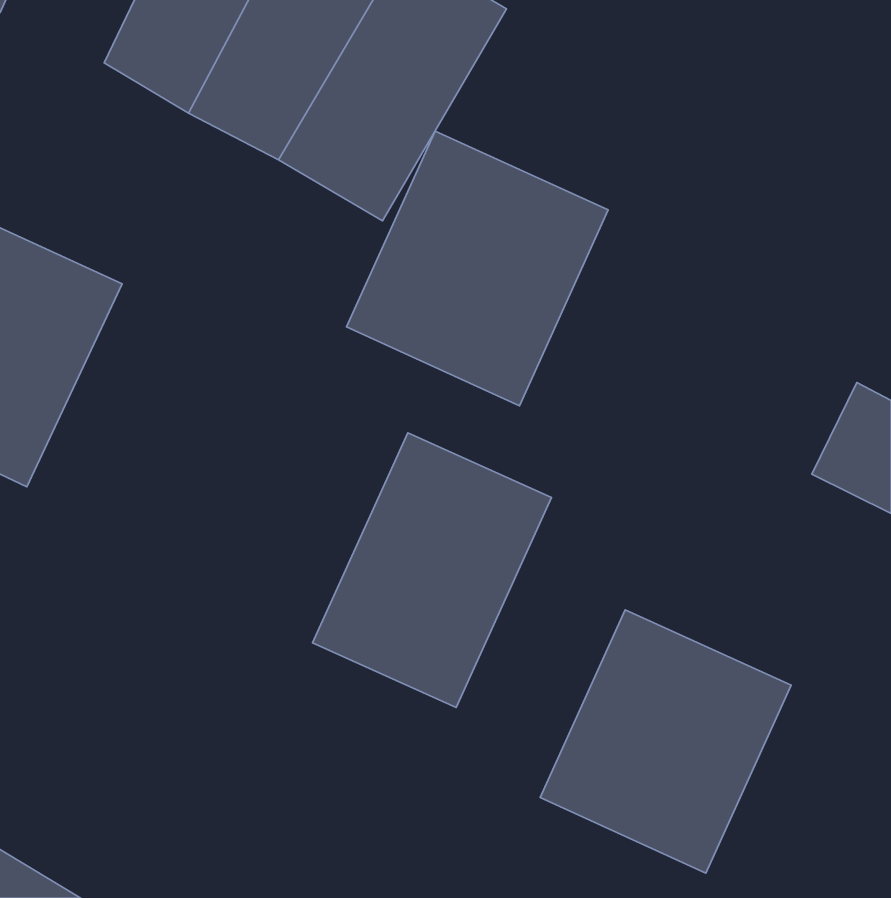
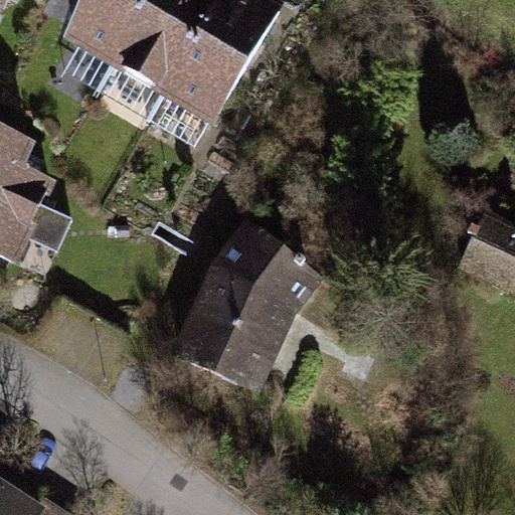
building: [346,131,608,406] -> none
building: [540,610,791,873] -> none

